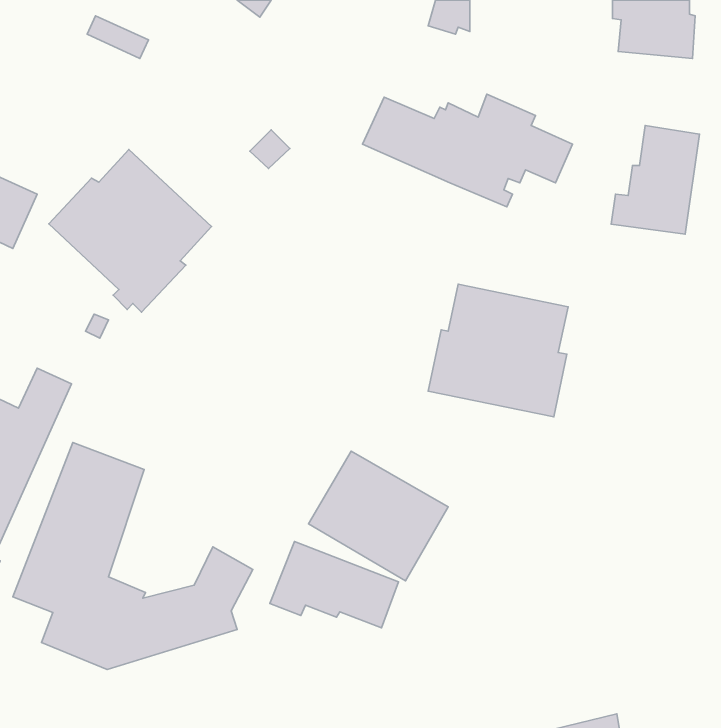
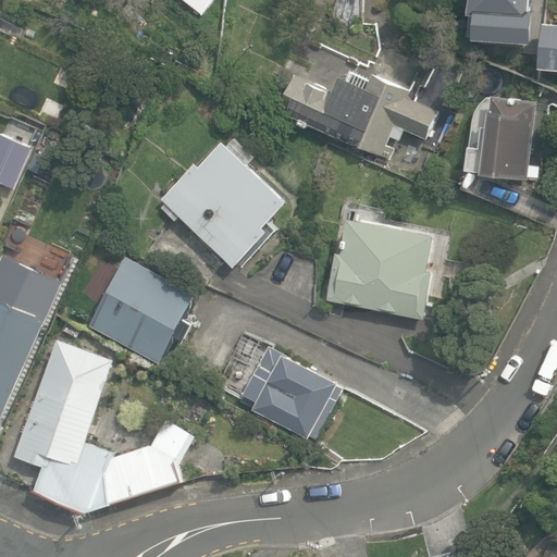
building: [49,149,212,312] -> [161,143,285,267]
building: none -> [87,255,196,363]
building: [270,541,398,628] -> none

